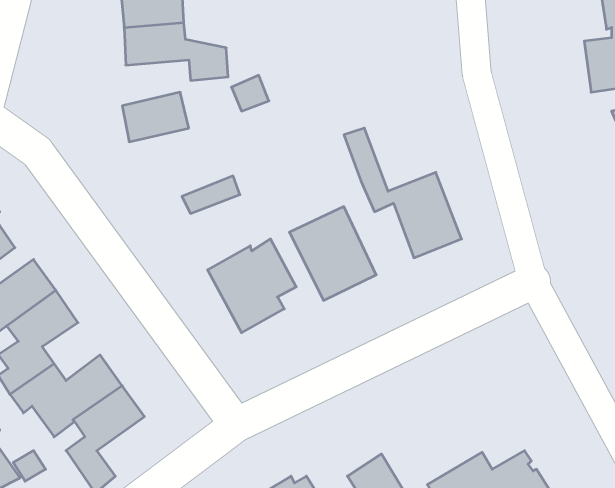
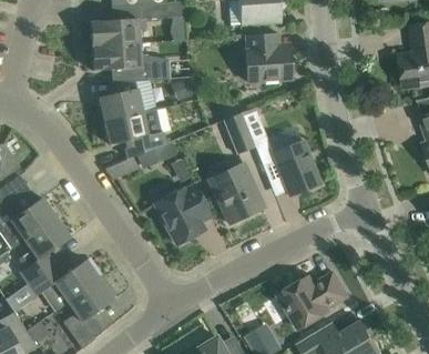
building: none -> [245,32,292,81]
building: none -> [103,108,165,156]
building: none -> [222,112,254,153]
building: none -> [278,271,348,330]

